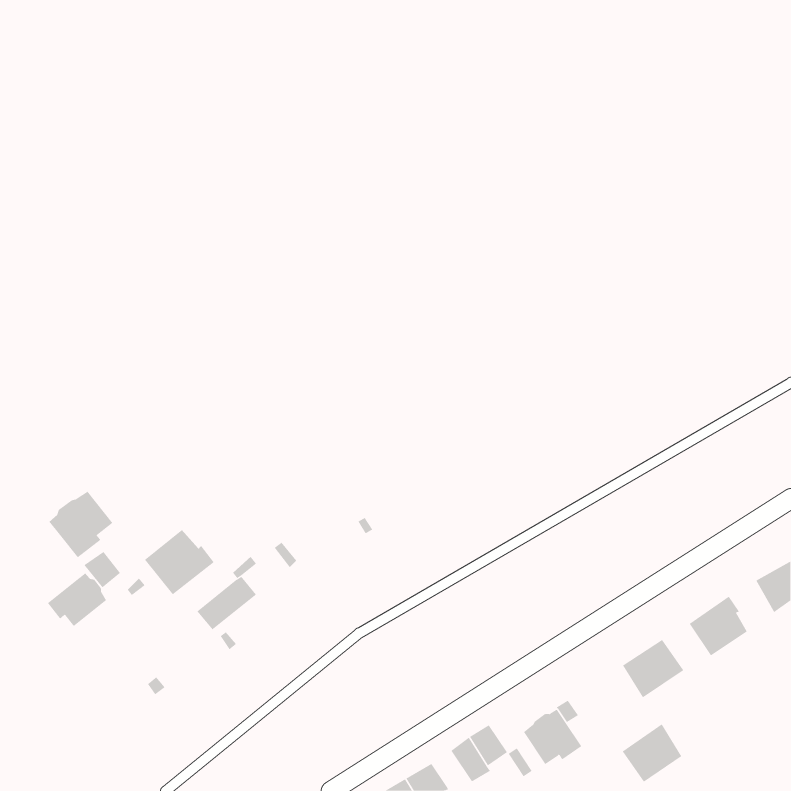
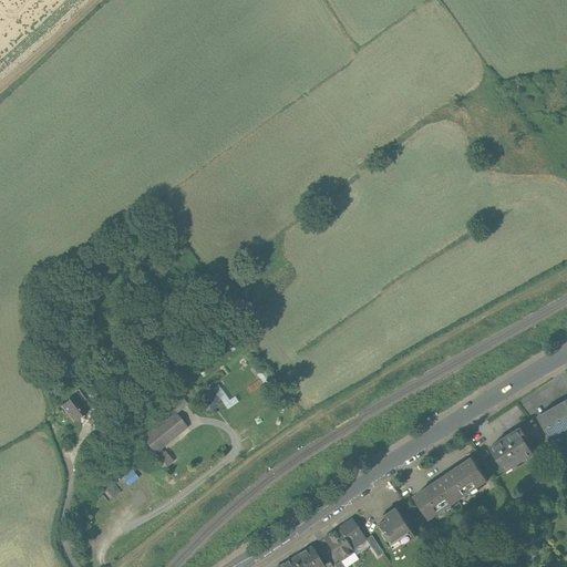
building: [49,491,113,558] -> none
building: [144,529,215,595] -> none
building: [47,572,107,627] -> none
building: [622,724,682,782] -> [416,476,460,518]

